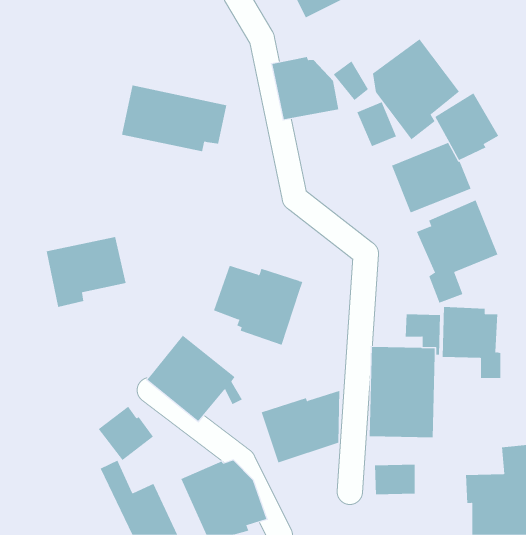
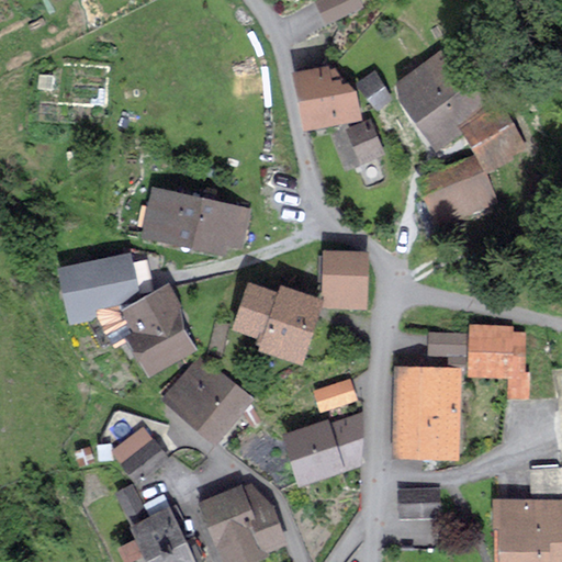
building: [121,85,227,152] -> [142,187,251,256]
building: [357,101,397,147] -> [344,117,385,165]
building: [416,200,498,304] -> none
building: none -> [321,249,368,308]
building: none -> [95,282,196,378]
building: none -> [313,378,358,412]

